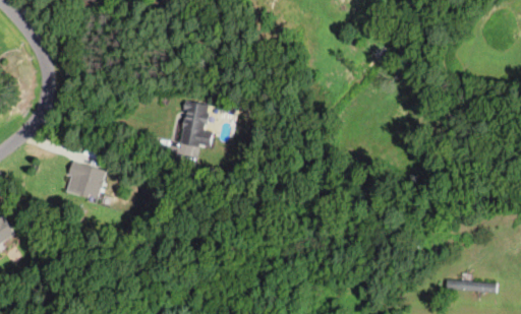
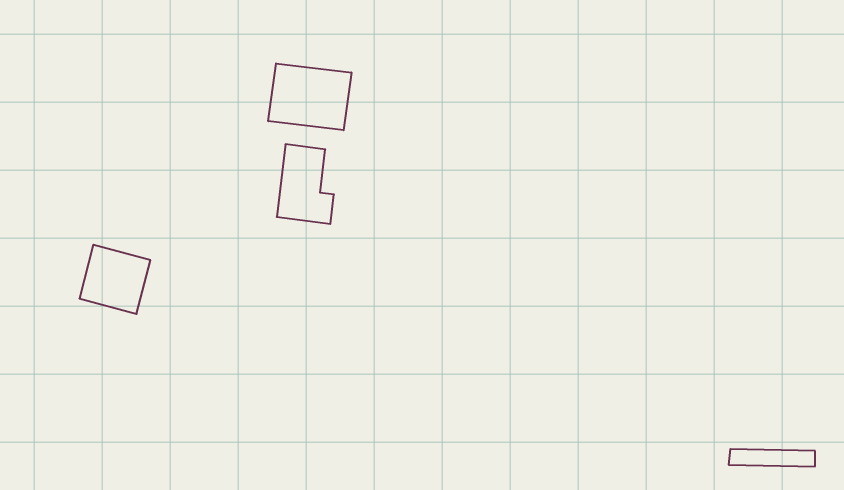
building: none -> [268,63,351,130]

